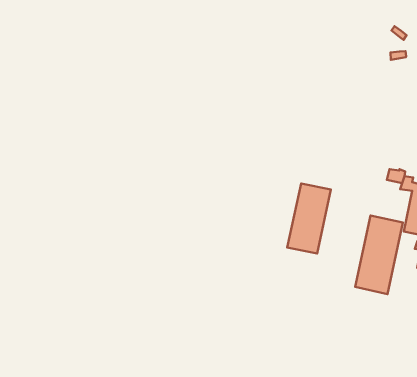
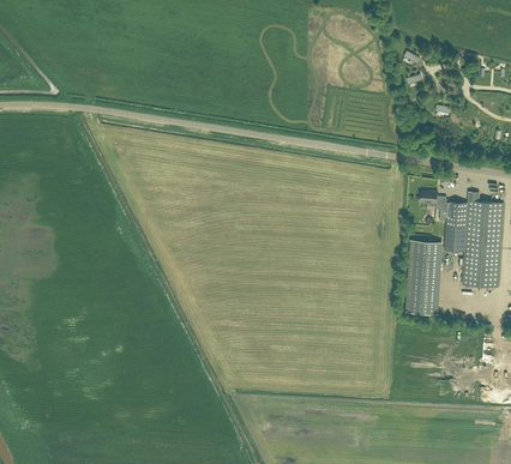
building: [287,183,331,254] -> none

